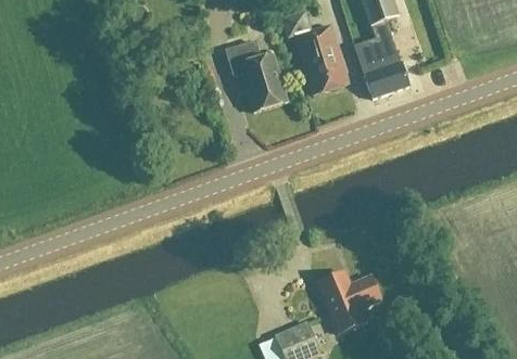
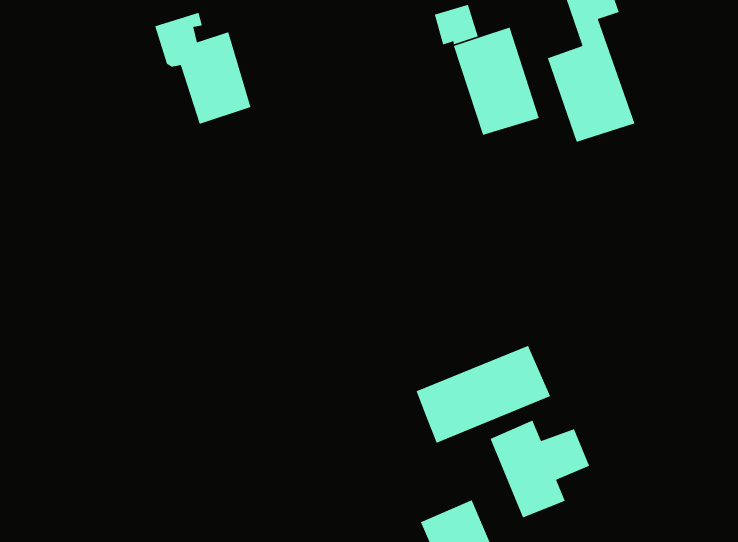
building: [227,41,288,112] -> [154,12,251,125]
building: none -> [415,345,551,444]

